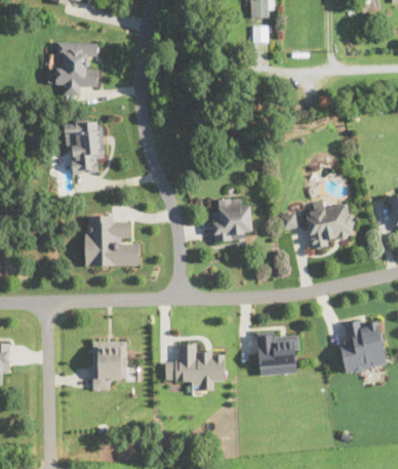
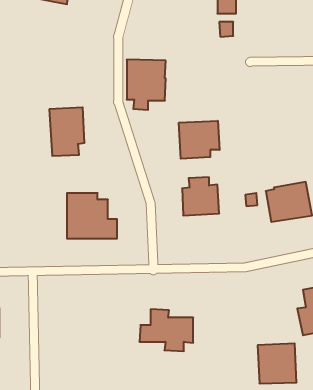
building: [56,42,99,97] -> [127,60,166,110]
building: none -> [179,121,220,159]
building: [257,330,301,375] -> [258,343,297,383]
building: [92,342,127,390] -> none

